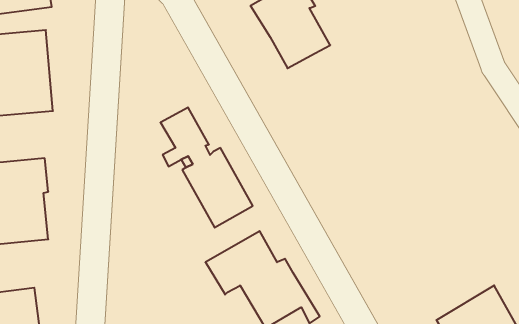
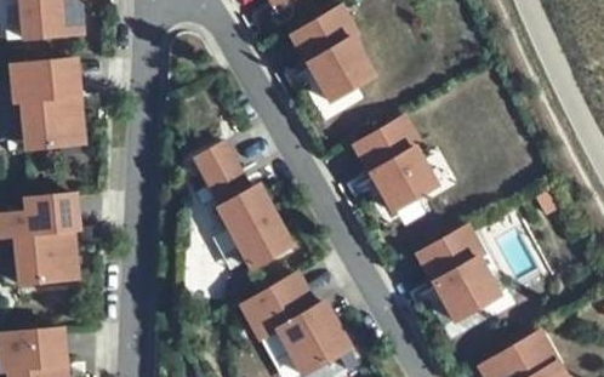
building: none -> [360,121,446,218]
building: none -> [418,223,502,319]

